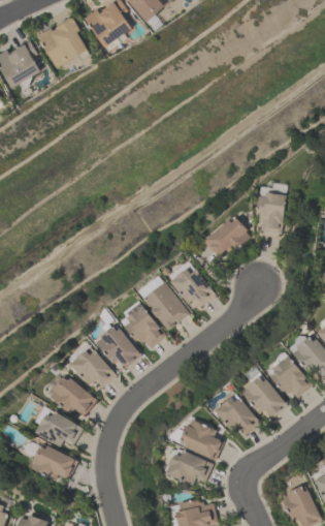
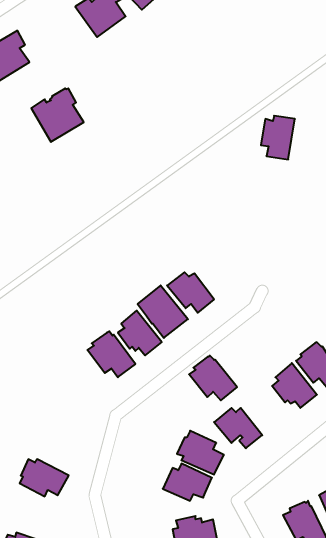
building: [37,17,87,67] -> [31,88,84,142]
building: [254,192,286,234] -> [261,116,295,159]
building: [204,216,251,256] -> none
building: [70,350,116,389] -> none
building: [50,374,96,415] -> none
building: [241,375,287,417] -> [189,356,237,400]
building: [35,411,83,446] -> none

